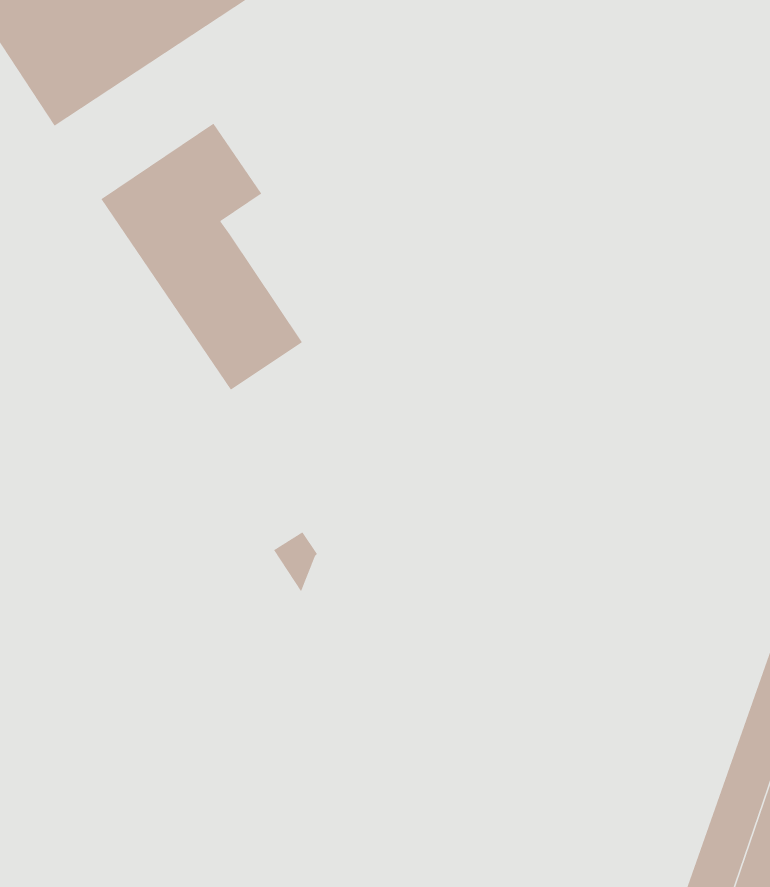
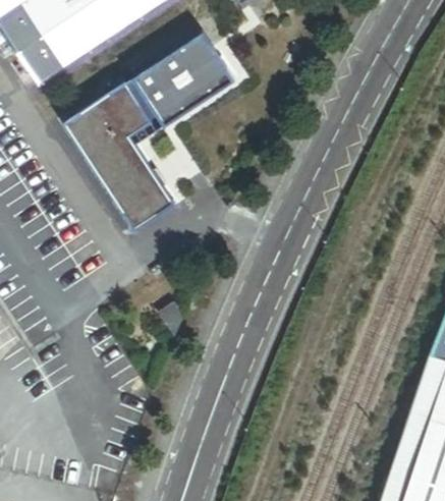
building: none -> [125,22,234,141]

